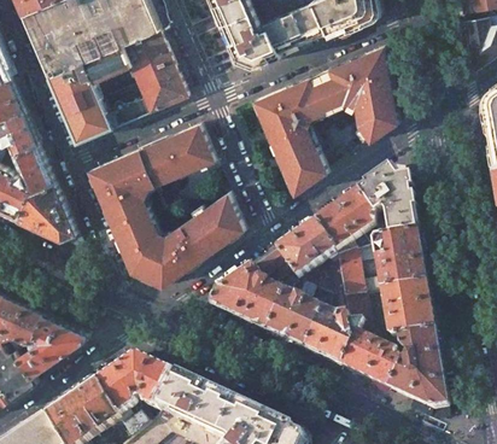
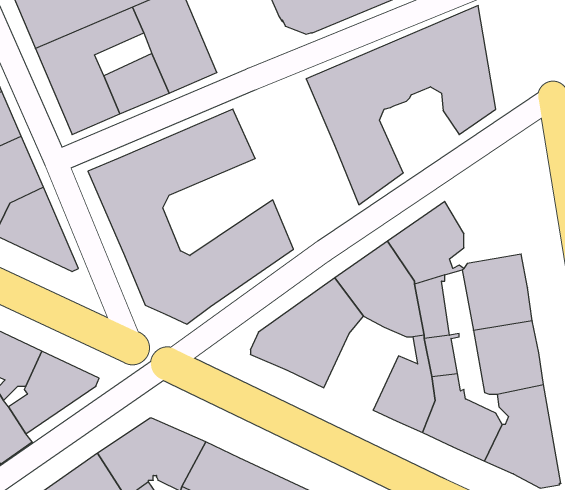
building: [357,170,415,239] -> none
building: [265,279,322,350] -> none

